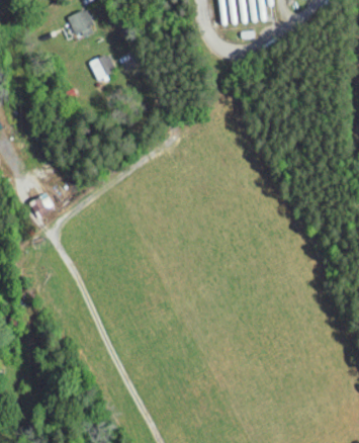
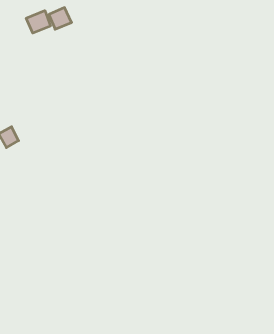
building: none -> [26,11,50,33]

